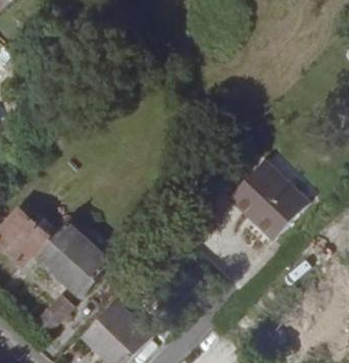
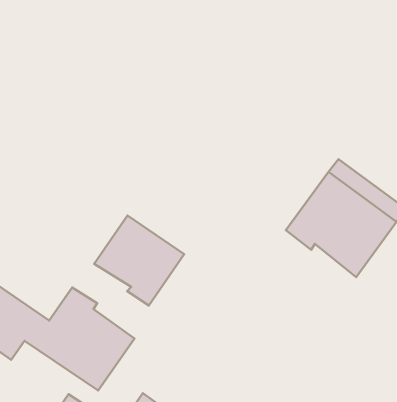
building: none -> [94,216,184,305]

